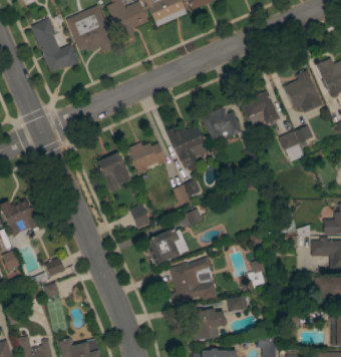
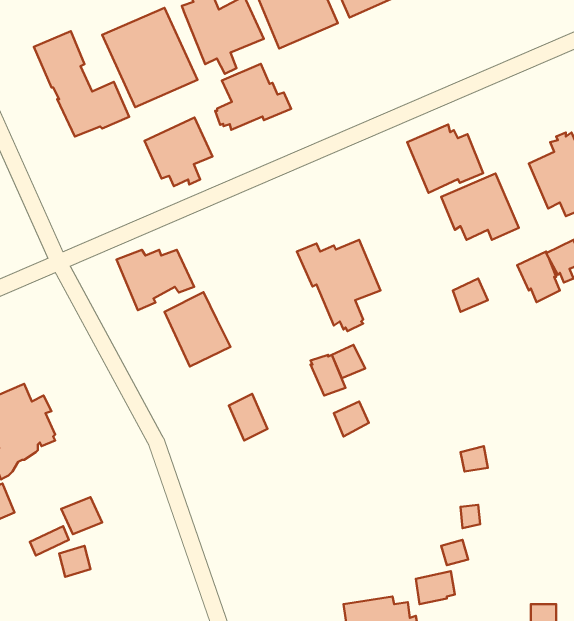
building: none -> [215,64,291,130]
building: none -> [145,117,212,186]
building: [202,106,241,141] -> [407,124,483,193]
building: [127,142,167,173] -> [116,250,194,310]
building: [144,227,181,265] -> none
building: [169,257,217,304] -> none

